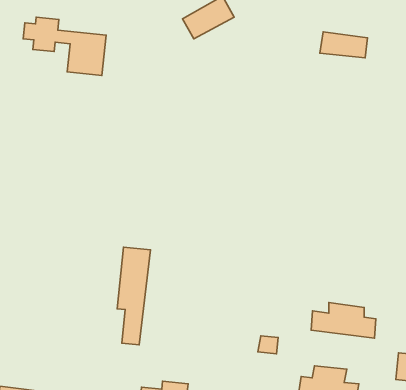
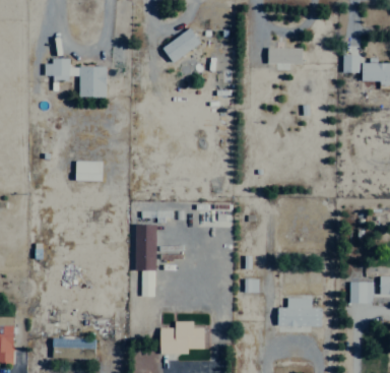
building: none -> [76,162,103,182]
building: [311,302,376,338] -> none

